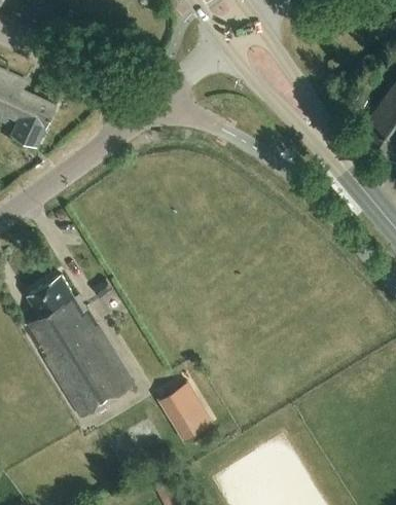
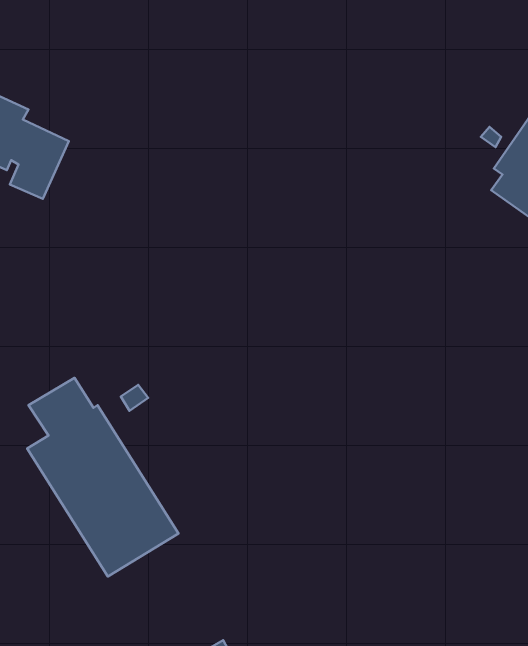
building: [160,382,211,439] -> none

